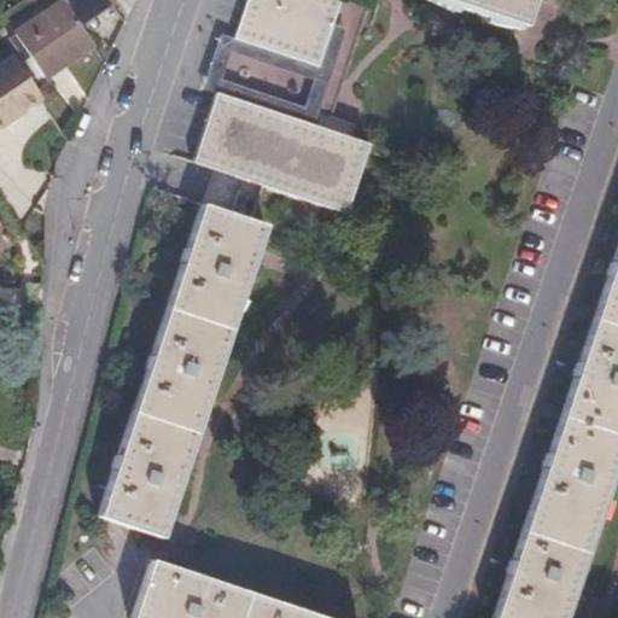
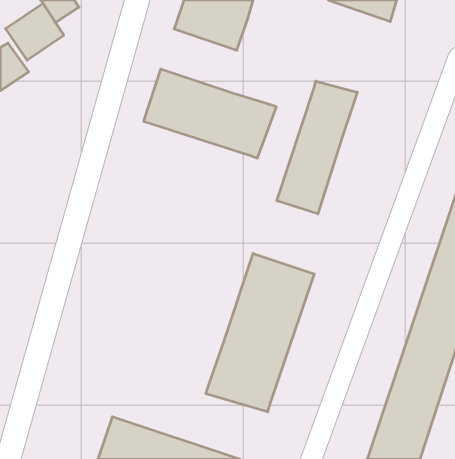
building: [208,25,351,126] -> none
building: none -> [277,81,357,214]
building: [100,203,266,535] -> none
building: none -> [206,253,314,412]

